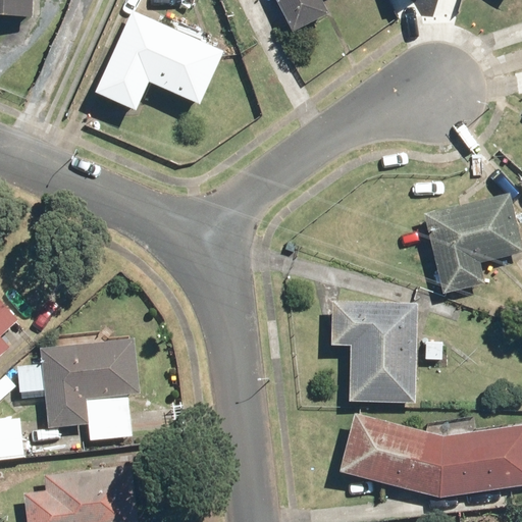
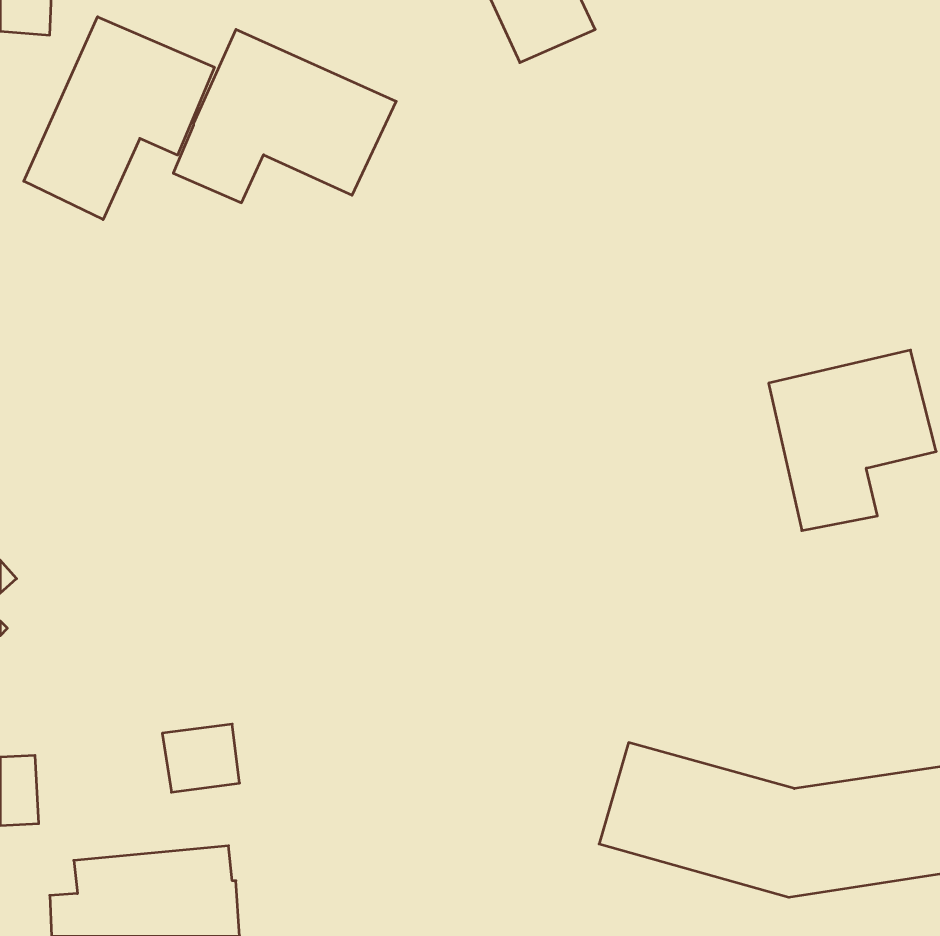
building: none -> [24,17,214,220]
building: [327,300,415,399] -> none
building: [41,337,139,427] -> none

